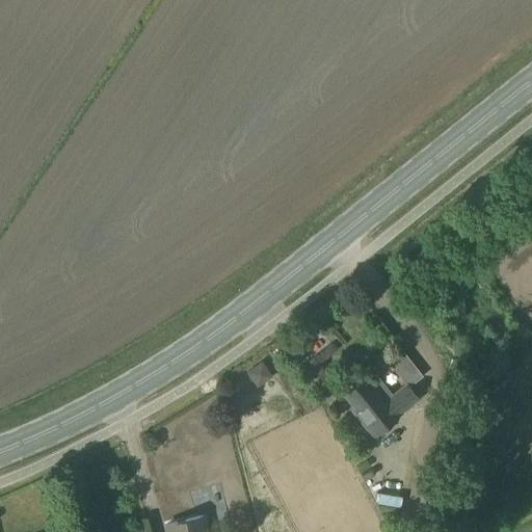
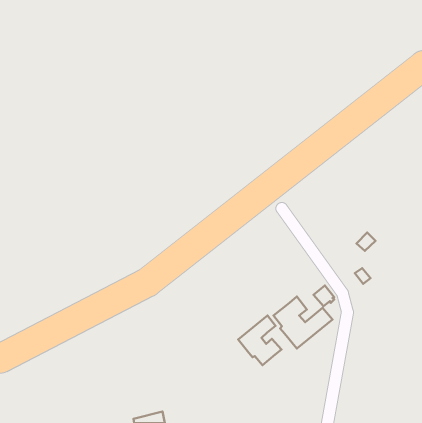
building: none -> [238,315,282,365]

